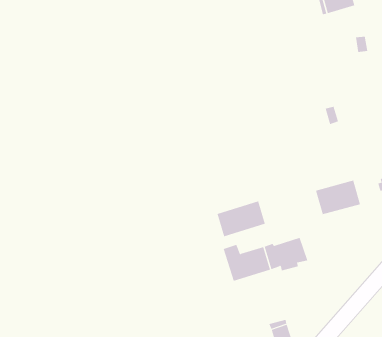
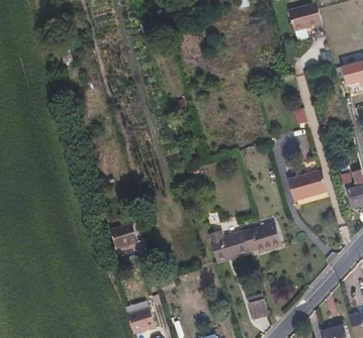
building: [217,200,266,237] -> none
building: none -> [110,224,138,249]

